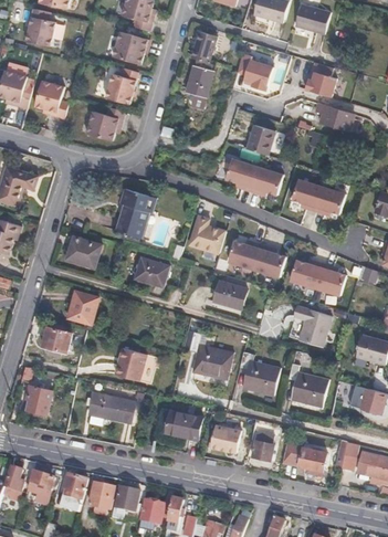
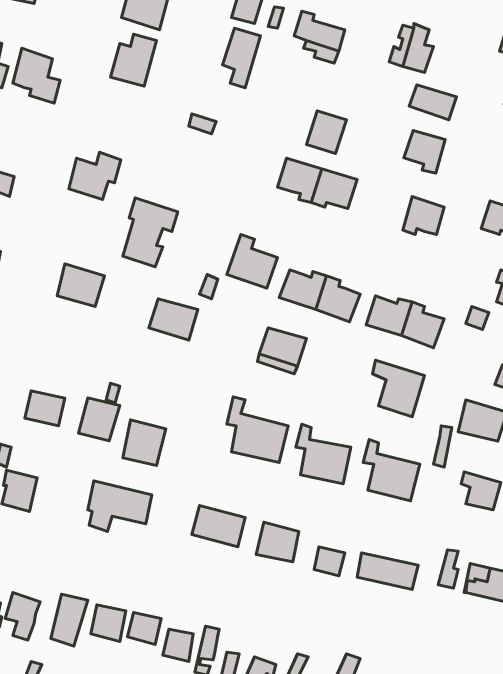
building: [85,109,123,144] -> [69,152,121,200]
building: [292,180,322,211] -> [404,130,445,173]
building: [67,293,97,324] -> [79,398,120,441]

